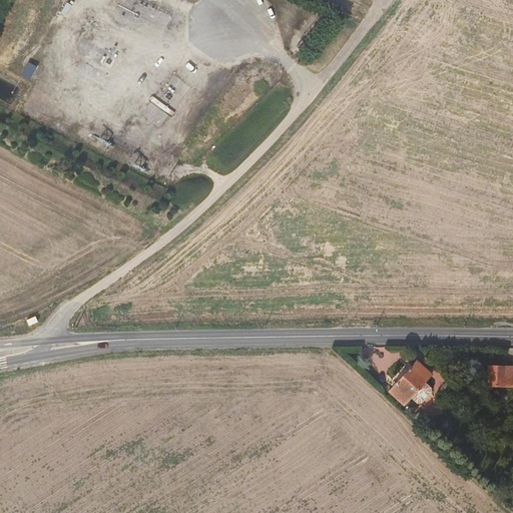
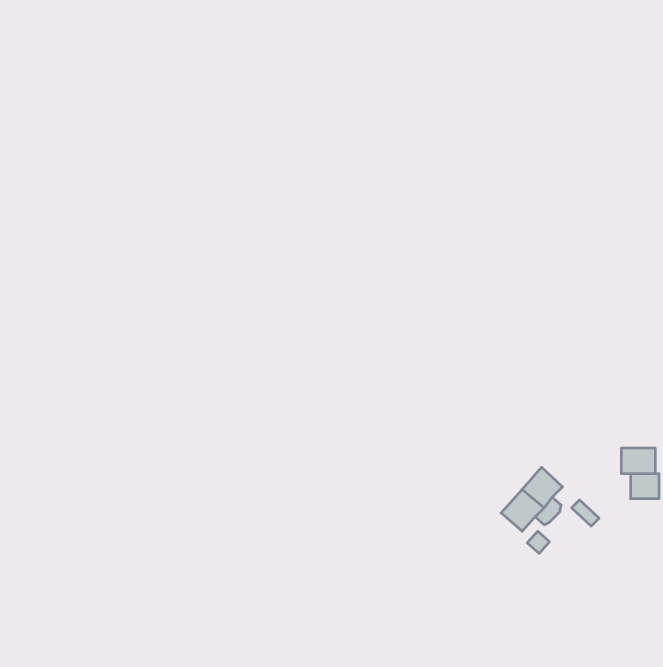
building: none -> [621,448,655,474]

